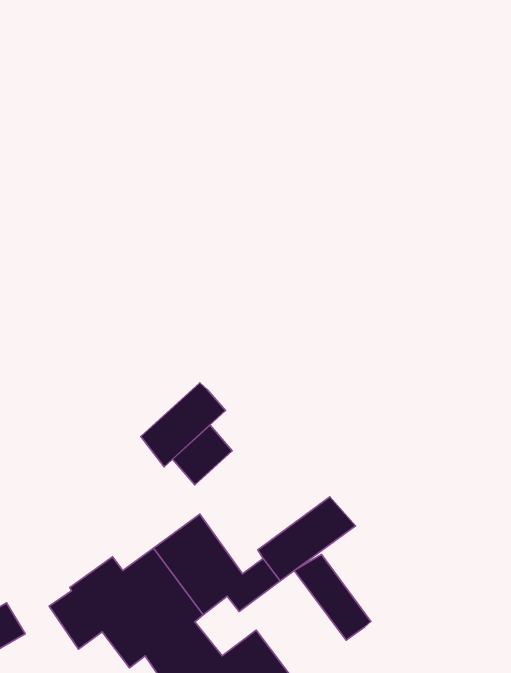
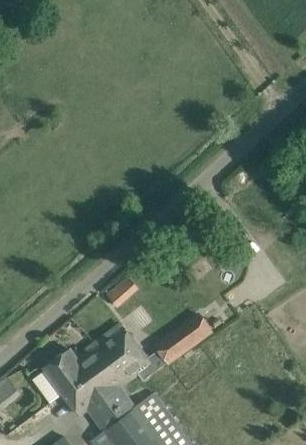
building: [141,383,225,467] -> none
building: [294,554,371,640] -> none

